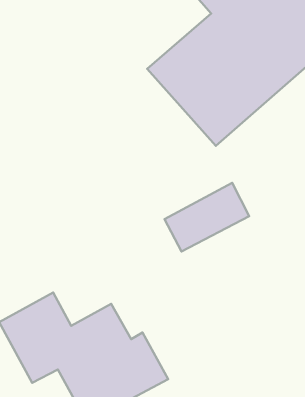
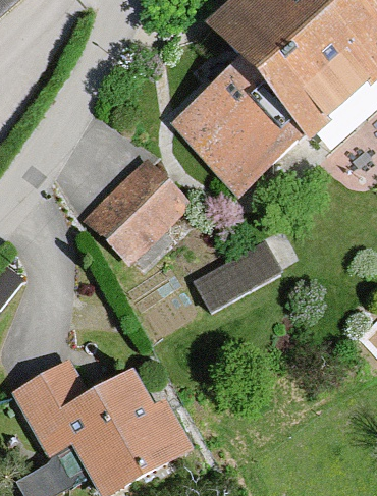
building: none -> [84,157,178,263]

